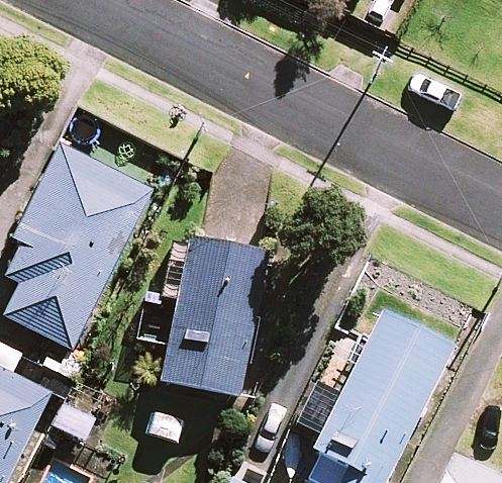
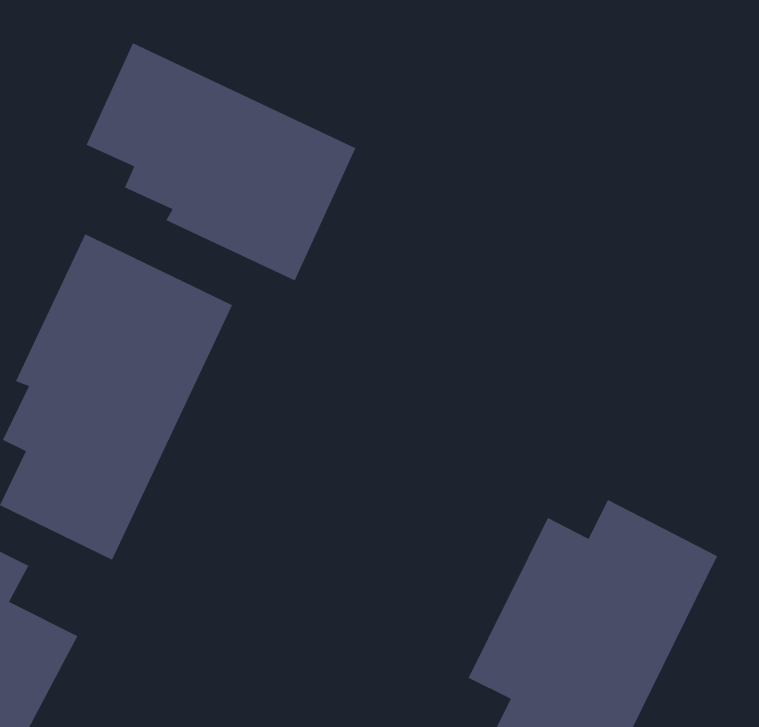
building: none -> [86,42,357,282]
building: [135,238,267,396] -> none

